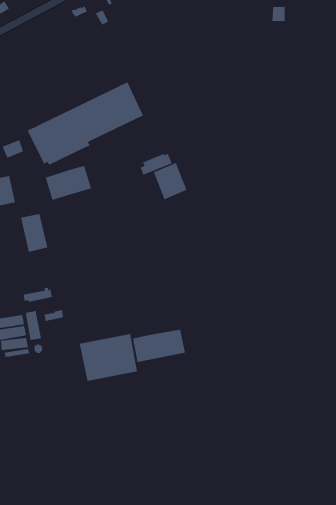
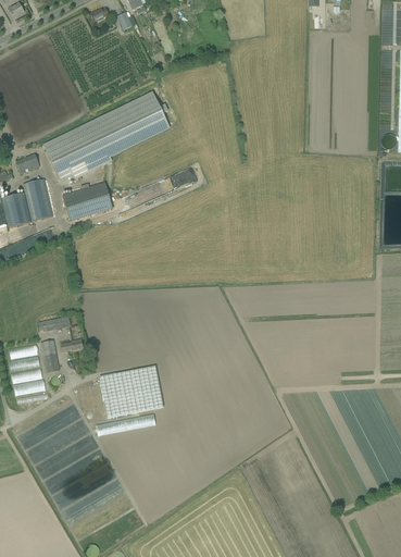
building: [153,162,187,200] -> none
building: [20,214,48,253] -> [23,178,53,221]
building: [132,329,185,363] -> none

